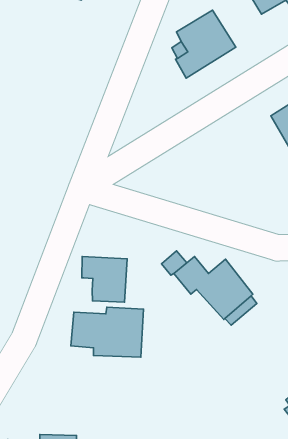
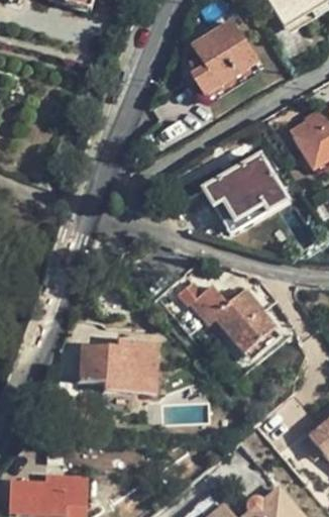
building: none -> [203,156,286,222]
building: [82,257,127,302] -> none

